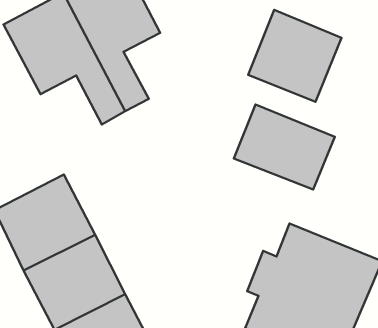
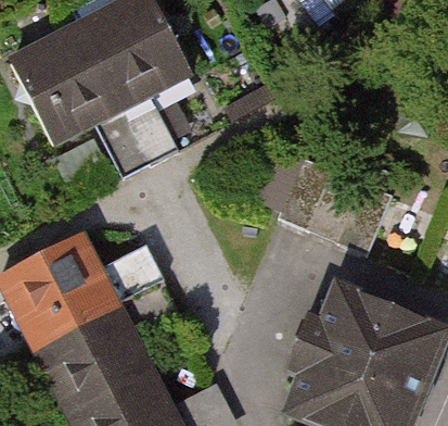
building: [248,10,341,102] -> none

